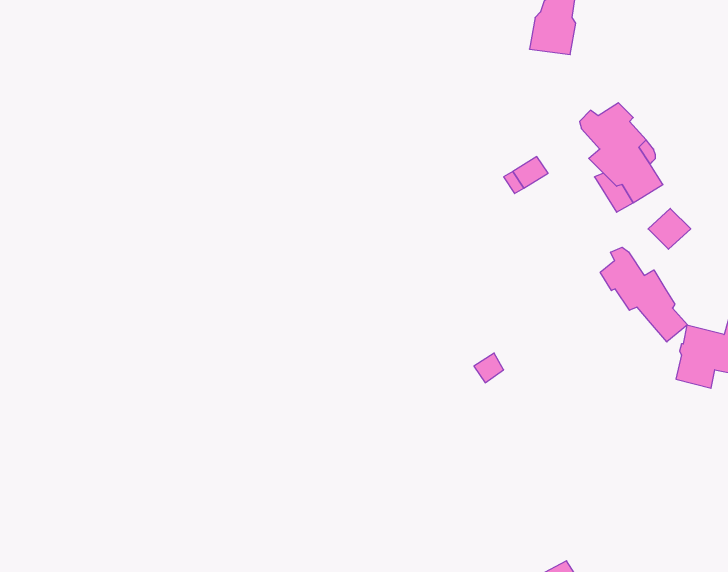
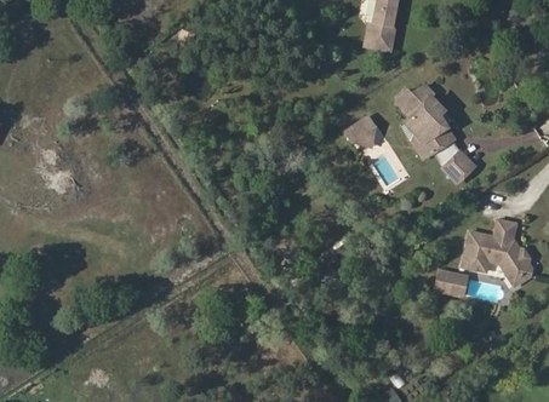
building: [600,247,687,342] -> none
building: none -> [434,269,467,295]

